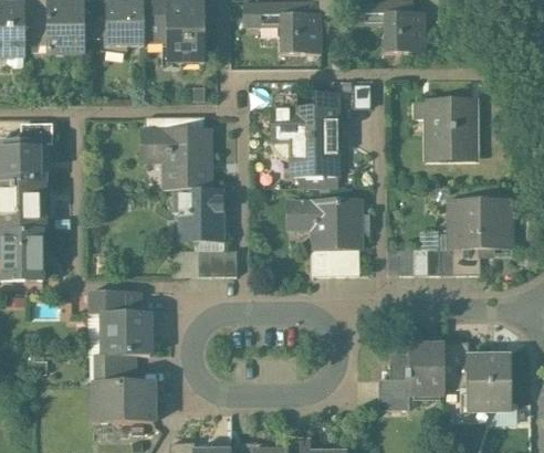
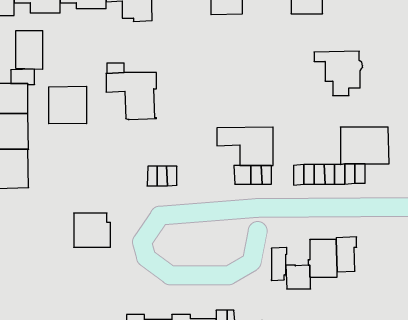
building: none -> [16,31,43,69]
building: [270,93,337,188] -> none
building: none -> [49,86,87,124]
building: [172,189,223,241] -> none
building: [104,292,142,312] -> none
building: [389,337,409,380] -> [271,247,287,281]
building: [93,356,153,423] -> none
building: [465,356,511,411] -> none

